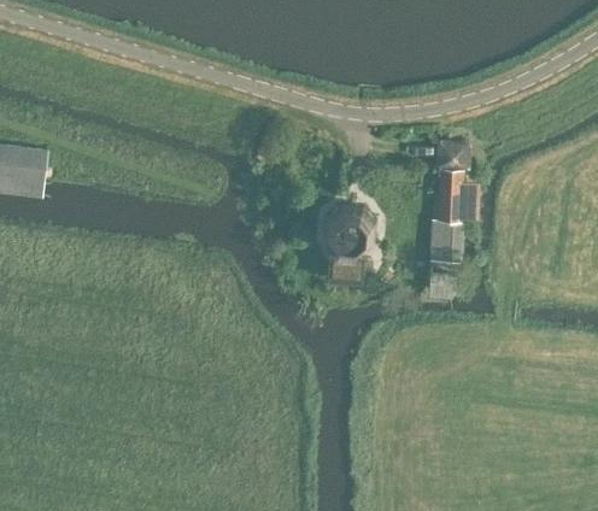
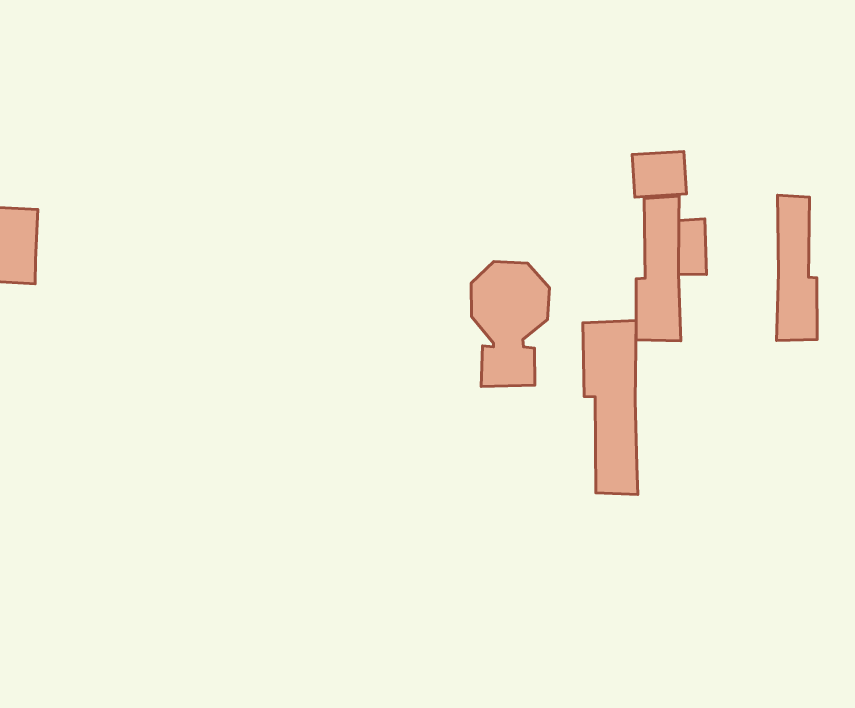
building: none -> [777,195,817,341]
building: none -> [583,321,638,494]

